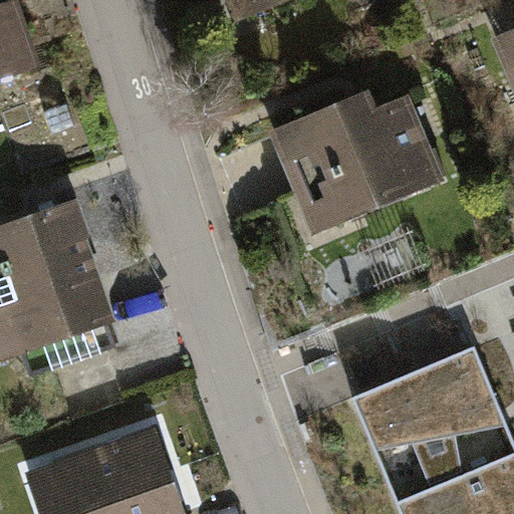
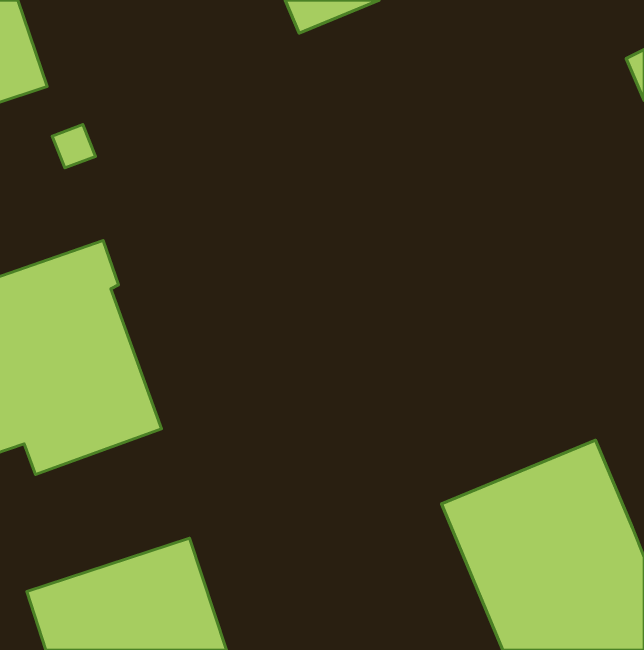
building: [278,94,446,235] -> none

